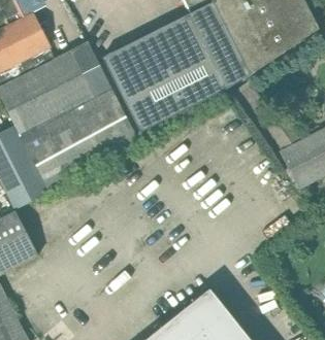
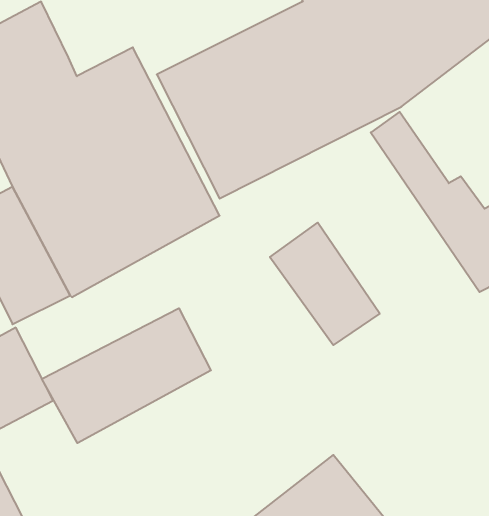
building: none -> [270,223,380,345]
building: none -> [42,308,211,443]

